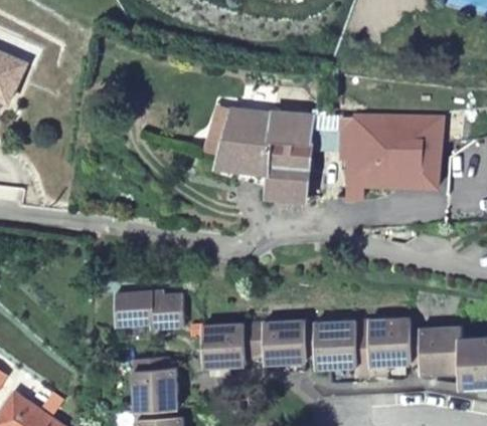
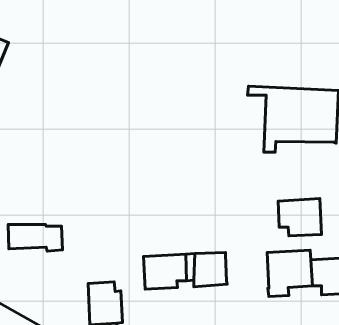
building: [216,111,329,199] -> none
building: [111,294,178,328] -> [8,225,62,251]
building: [301,322,354,368] -> [278,199,321,236]

